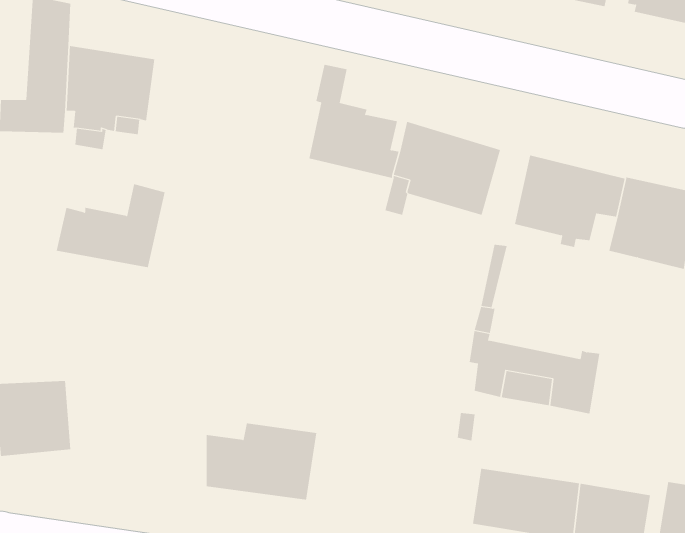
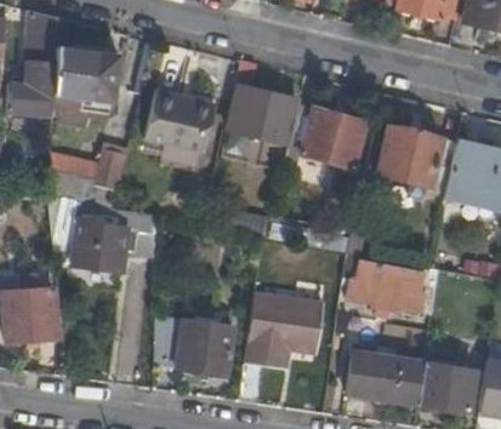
building: none -> [144,90,212,149]
building: none -> [72,205,155,271]
building: none -> [245,292,323,367]

